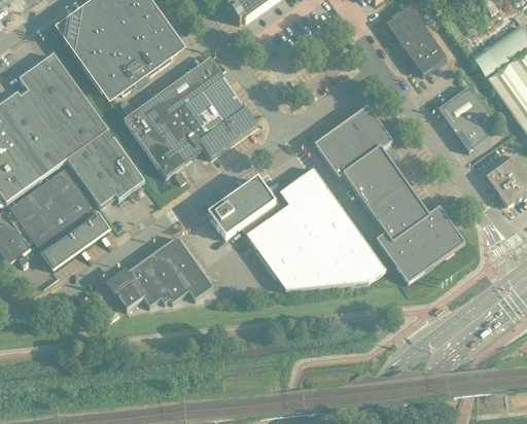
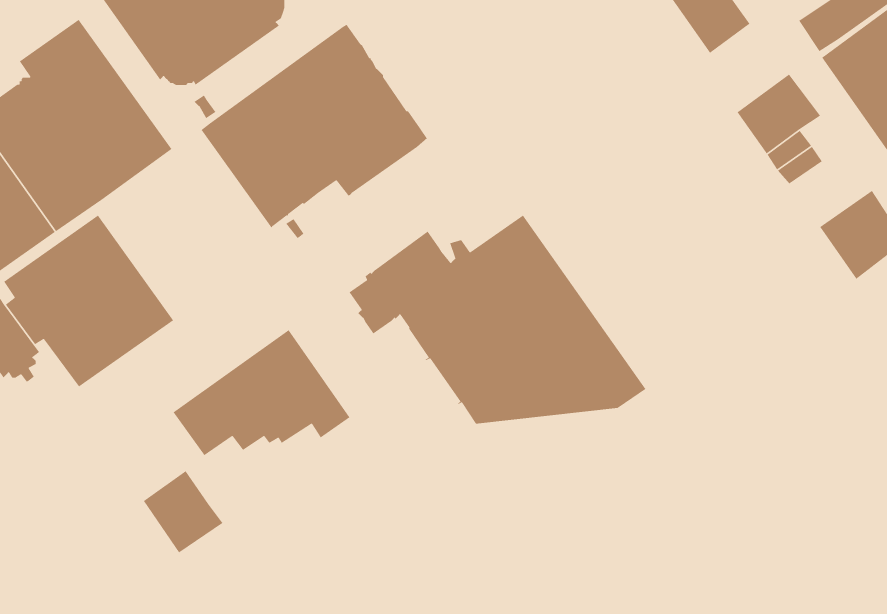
building: [314,104,465,282] -> none
building: [67,129,144,205] -> none
building: none -> [143,470,224,554]

